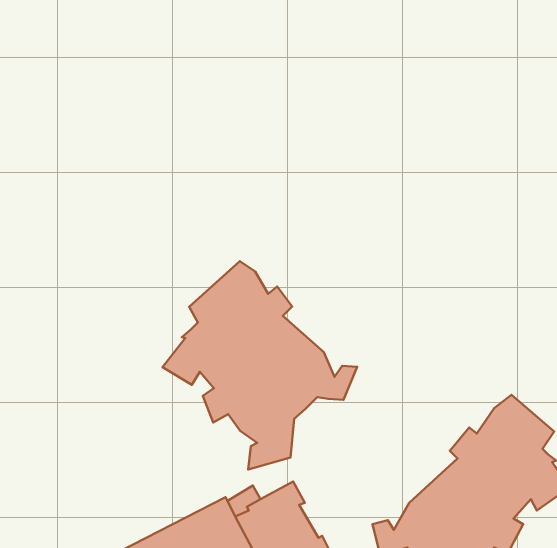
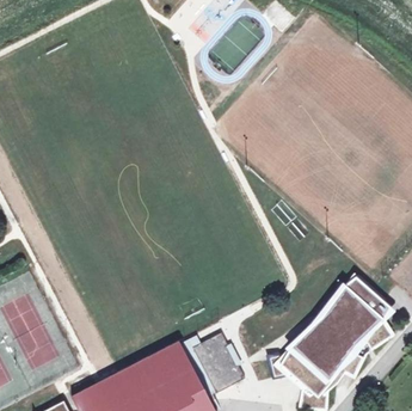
building: [163,261,357,469] -> none

